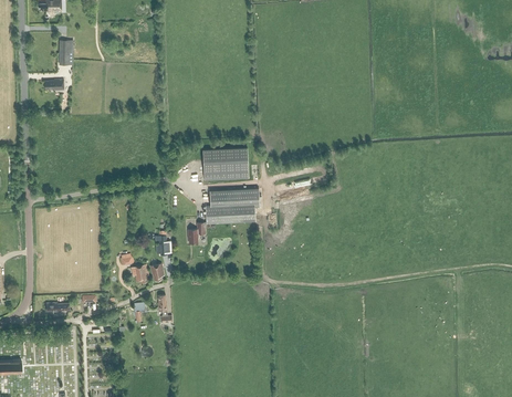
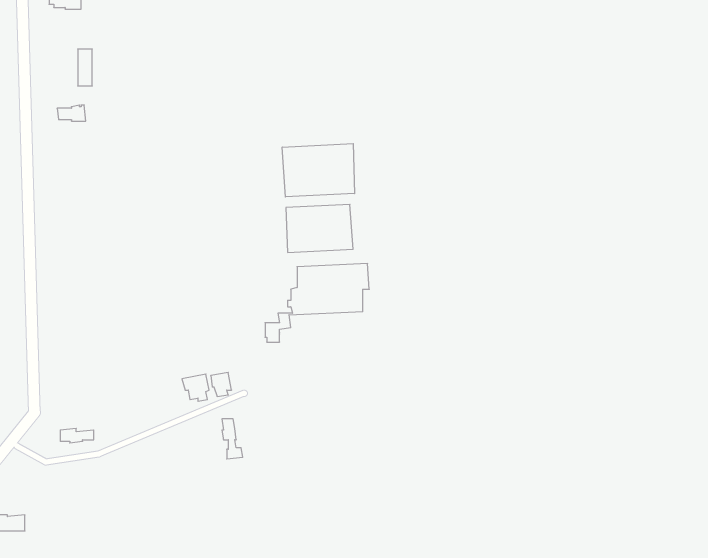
building: none -> [282,144,355,197]

